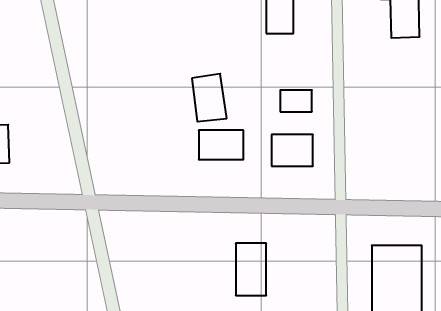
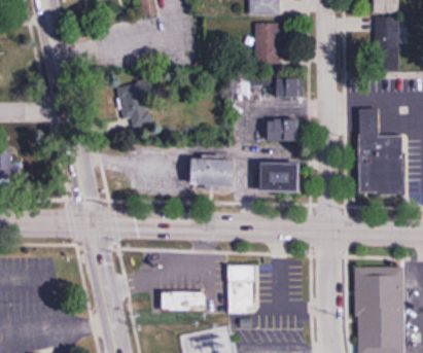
building: none -> [276,78,303,98]
building: [192,74,227,122] -> [118,82,151,128]
building: none -> [358,109,403,193]
building: none -> [161,292,204,311]

